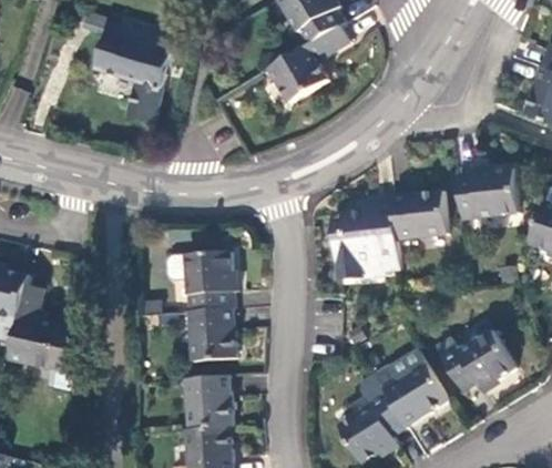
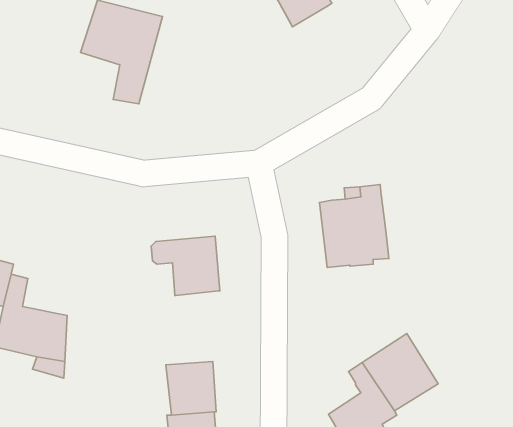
building: [270,22,349,100] -> none
building: [457,169,518,218] -> none
building: [391,194,444,243] -> none
building: [188,305,236,359] -> none
building: [440,328,517,391] -> none

